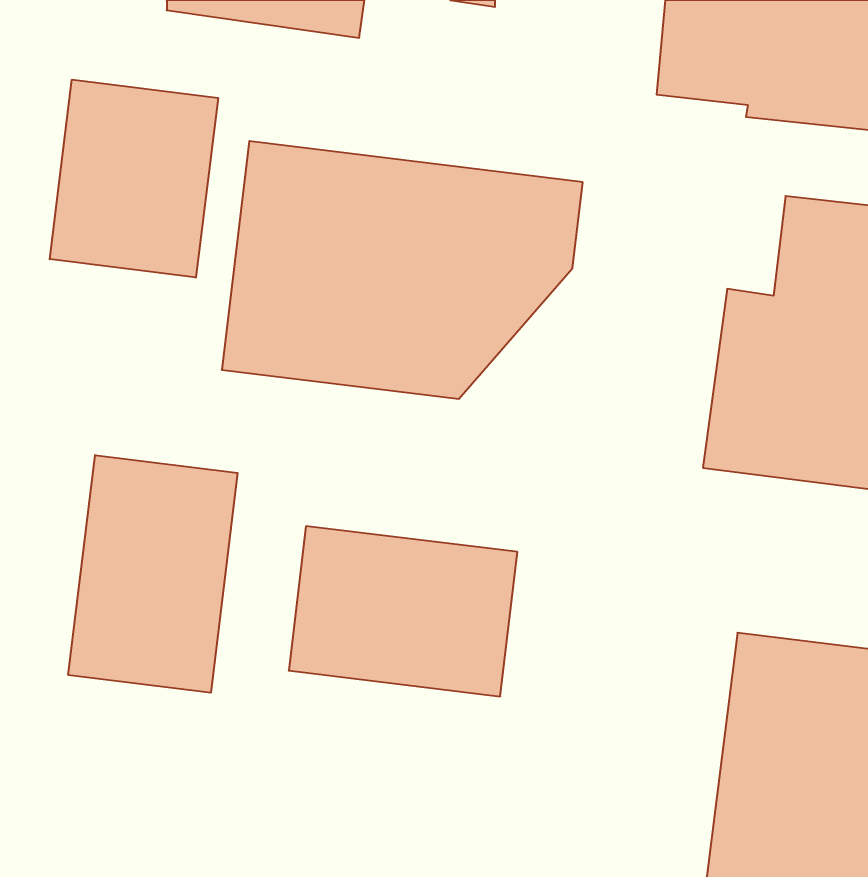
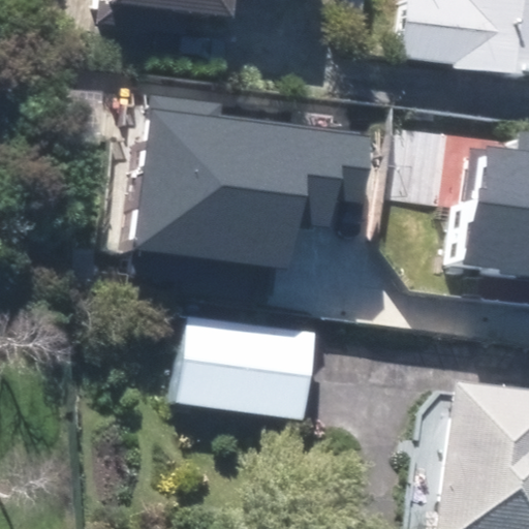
building: [50,80,218,278] -> none
building: [68,455,238,693] -> none

